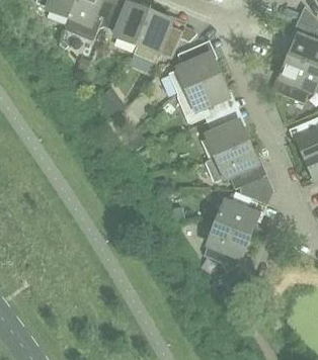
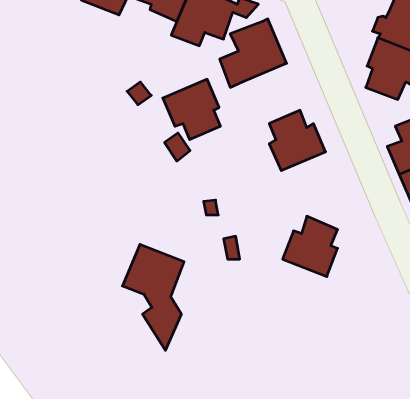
building: [186,75,230,120] -> [163,79,220,140]
building: [206,142,263,188] -> none
building: [204,222,250,302] -> [122,244,184,350]

